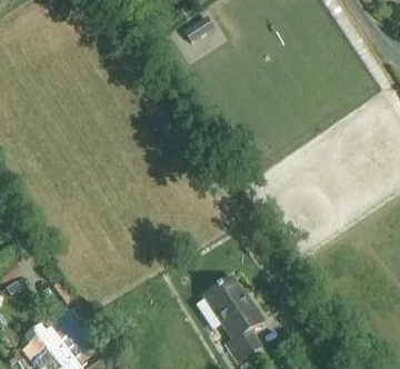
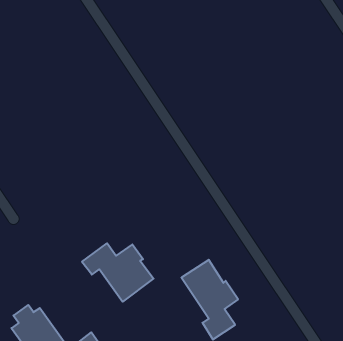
building: none -> [82,243,154,302]

